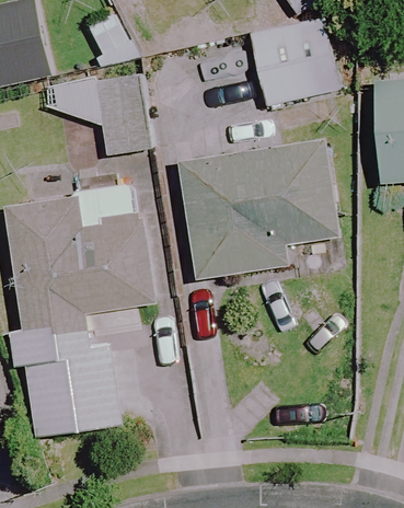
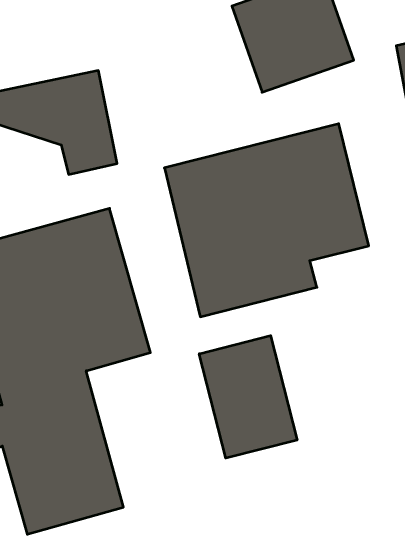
building: none -> [199,336,297,458]

